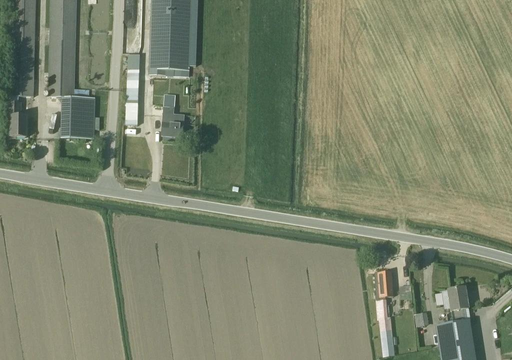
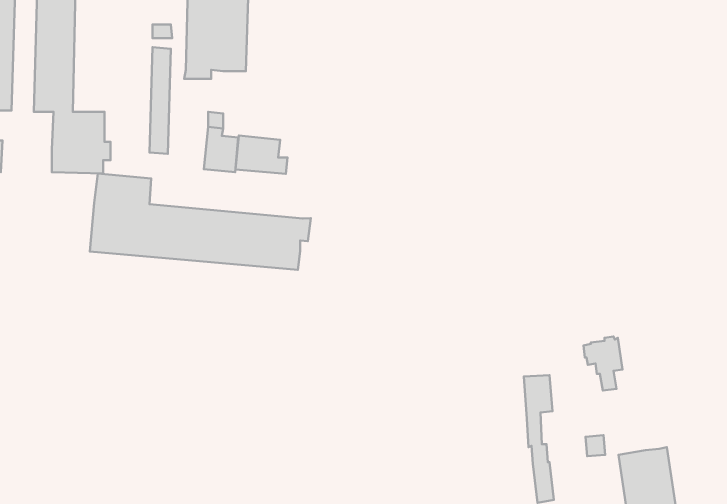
building: none -> [236,136,287,174]
building: none -> [90,173,311,270]
building: [443,285,469,321] -> [583,336,622,390]

